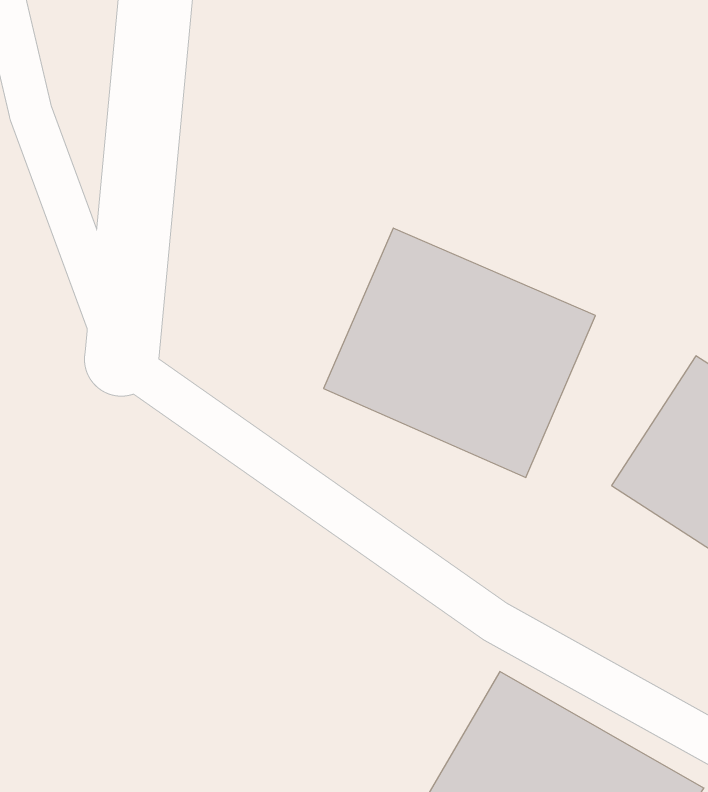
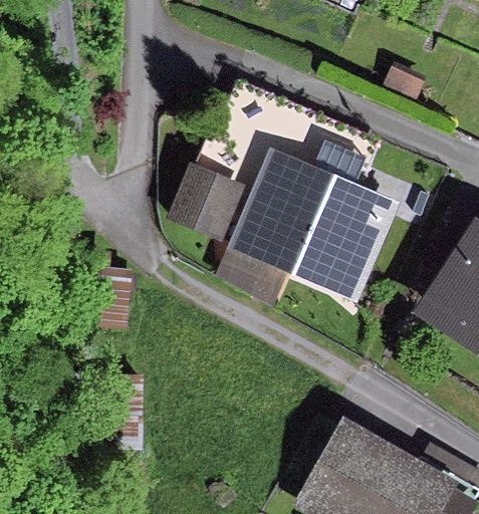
building: none -> [163,170,242,248]

